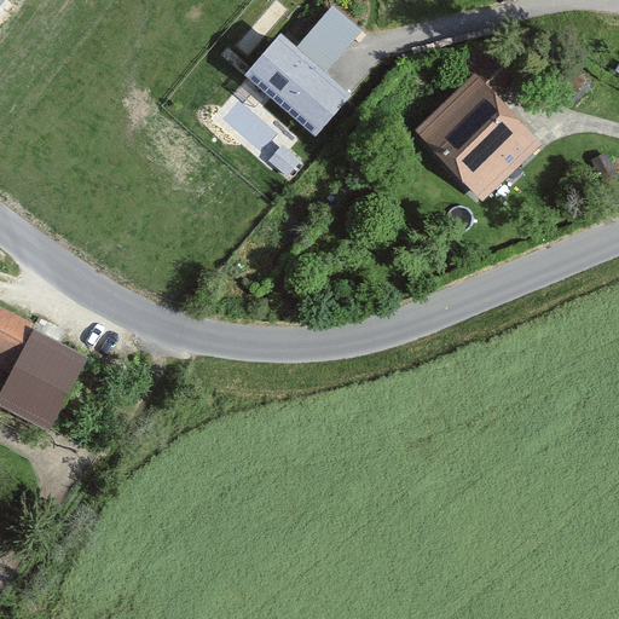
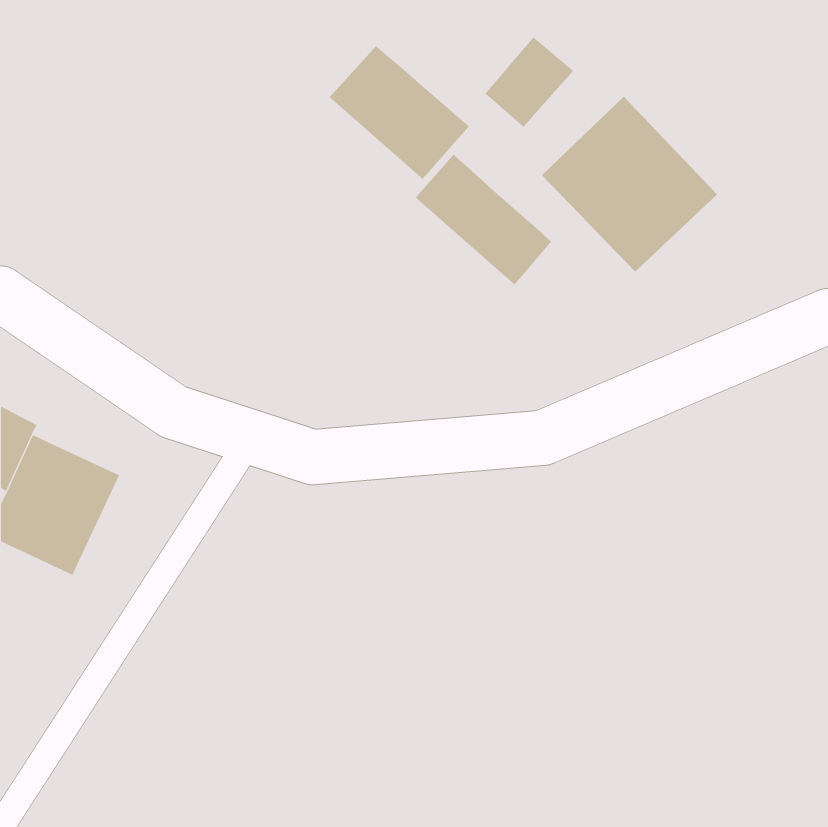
building: [296,5,363,73] -> [485,37,574,127]
building: none -> [415,154,552,285]

